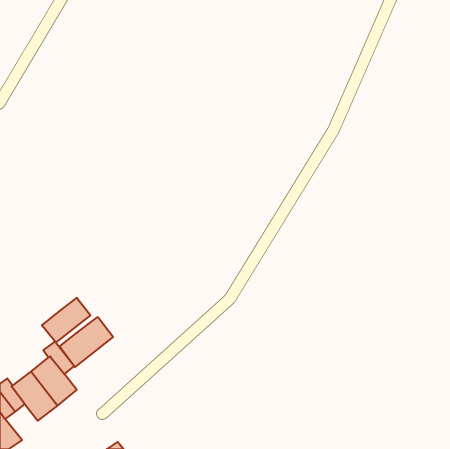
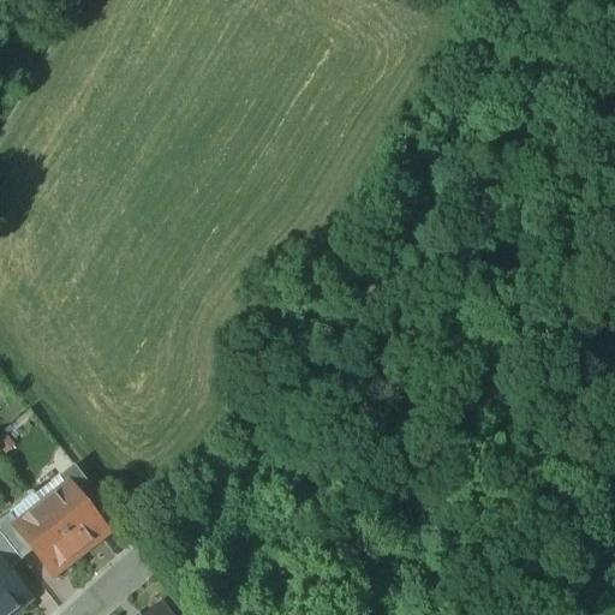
building: [42,298,91,343] -> none
building: [60,317,113,367] -> none

